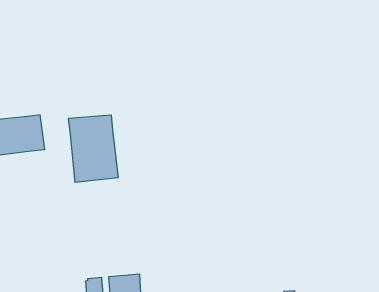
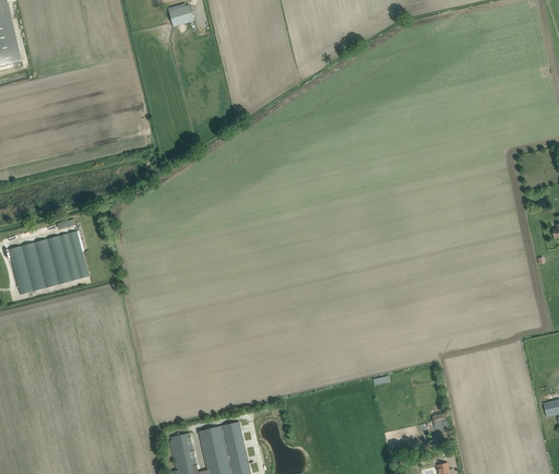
building: [69,115,118,182] -> none

